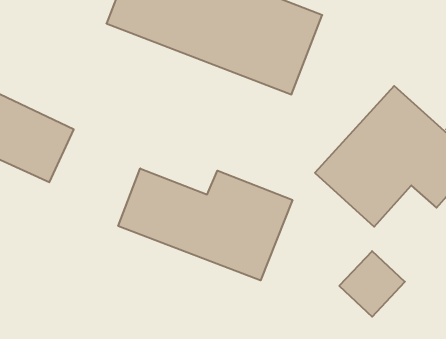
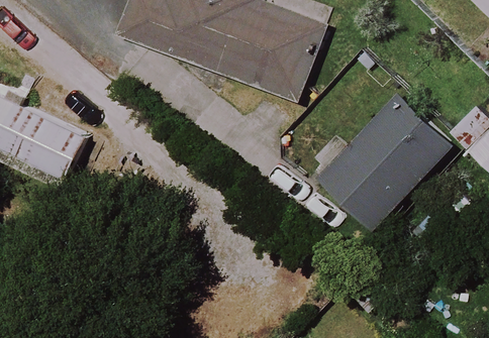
building: [118,168,292,280] -> none

